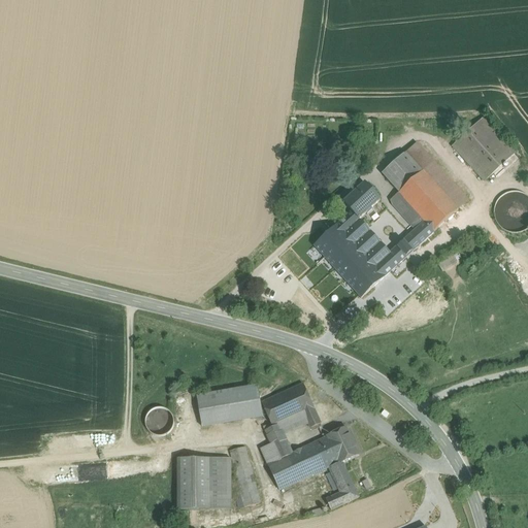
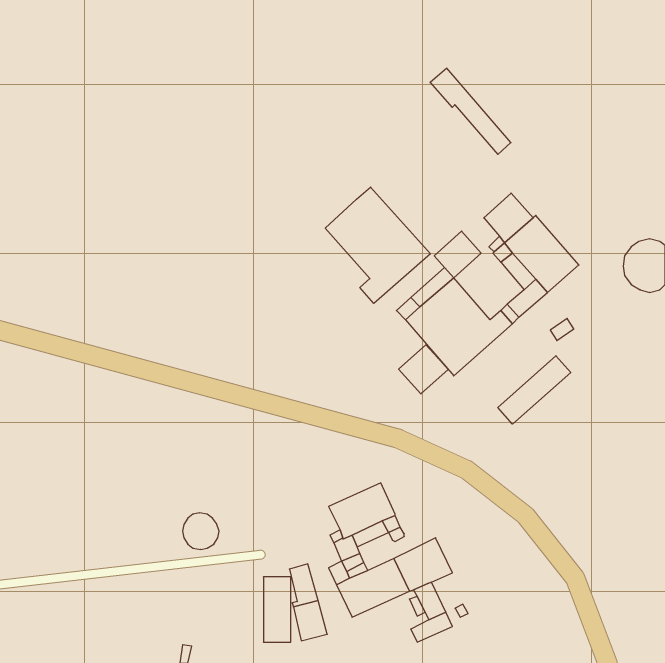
building: [452,117,514,178] -> none
building: [404,141,468,209] -> [430,68,511,154]
building: none -> [325,187,430,303]
building: none -> [399,345,448,394]
building: none -> [498,356,571,424]
building: [196,384,262,424] -> none
building: [177,456,208,508] -> none

